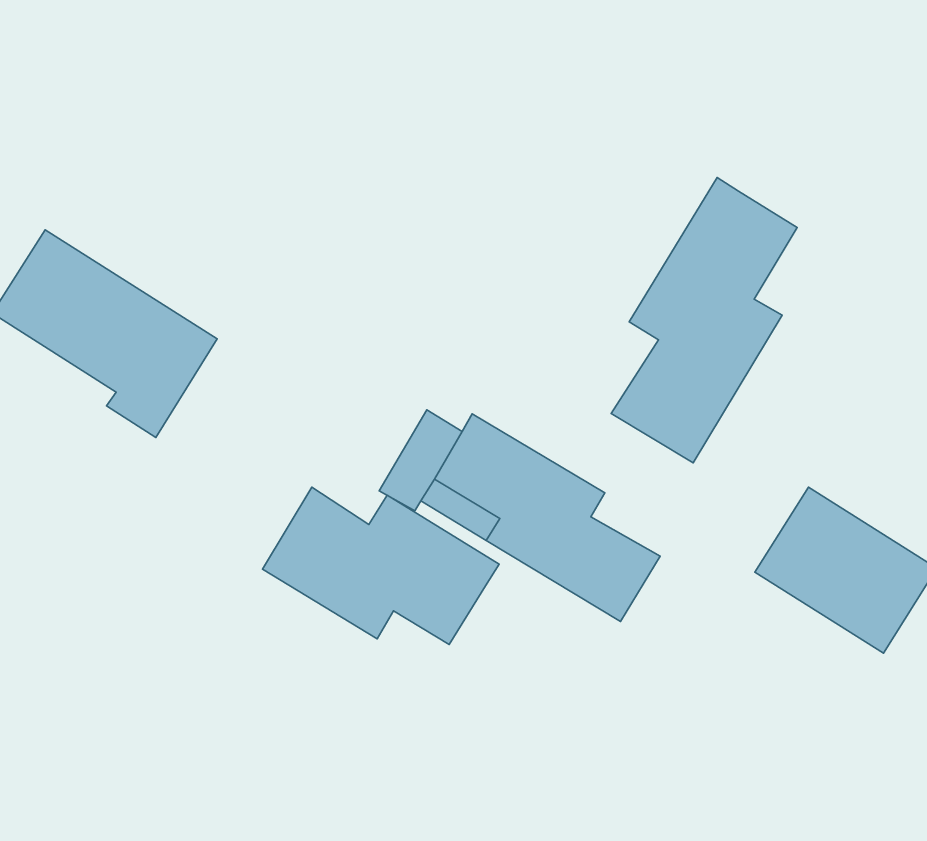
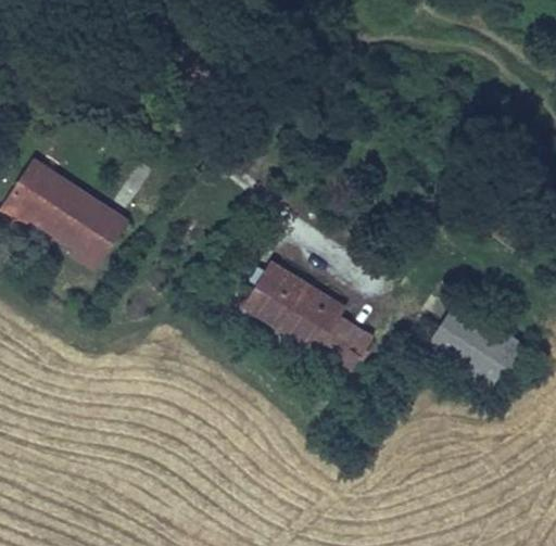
building: [611,177,797,463] -> none
building: [262,487,499,644] -> none

